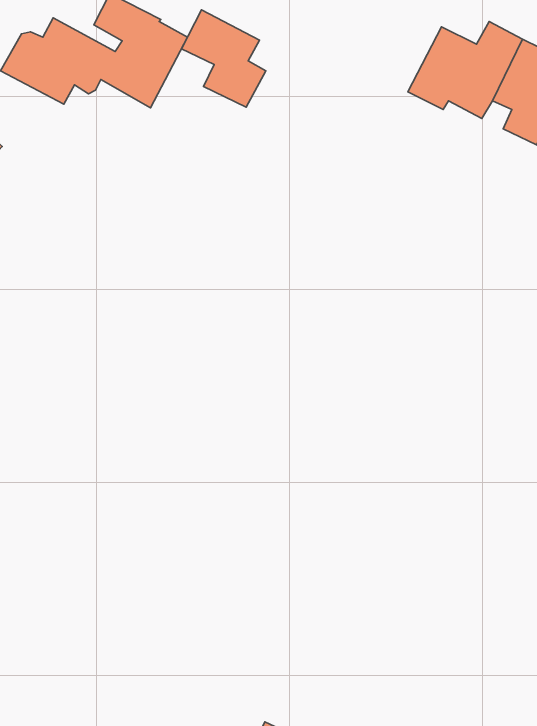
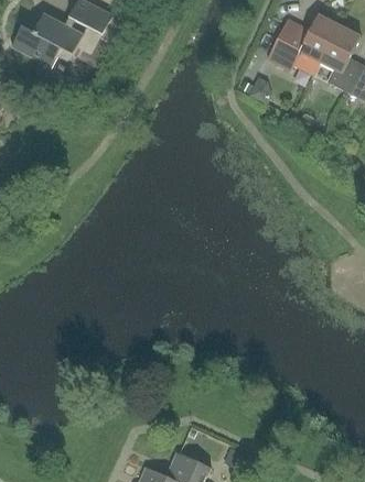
building: [181,10,266,107] -> none

